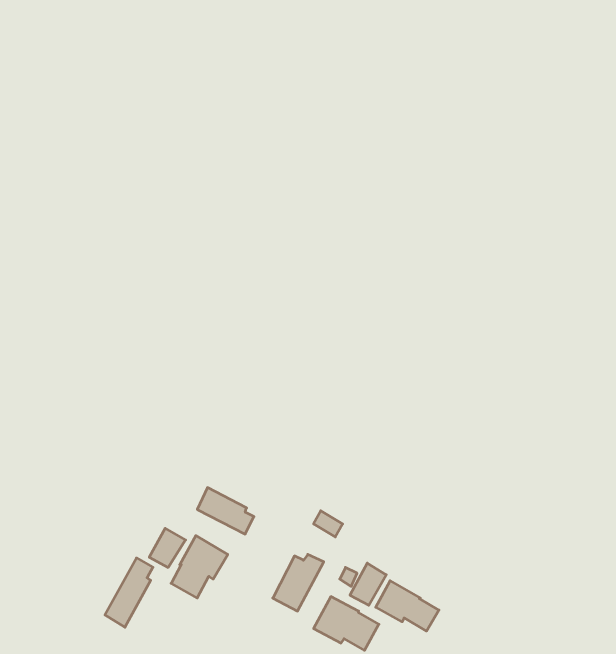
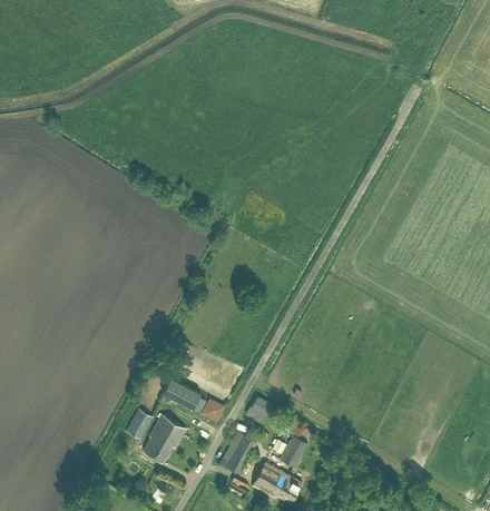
building: [105,558,153,627] -> none
building: [376,581,439,631] -> none

